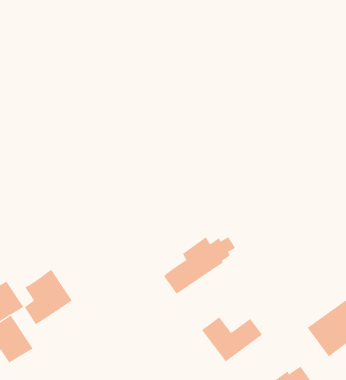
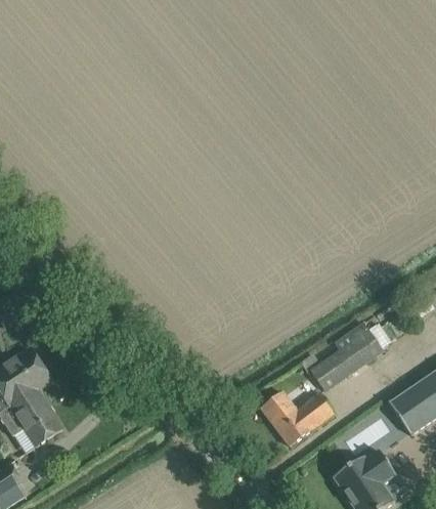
building: [163,237,236,294] -> [311,322,397,390]
building: [24,269,72,325] -> none

